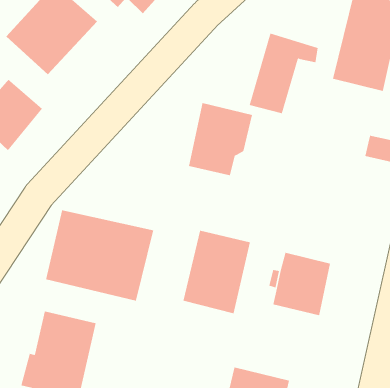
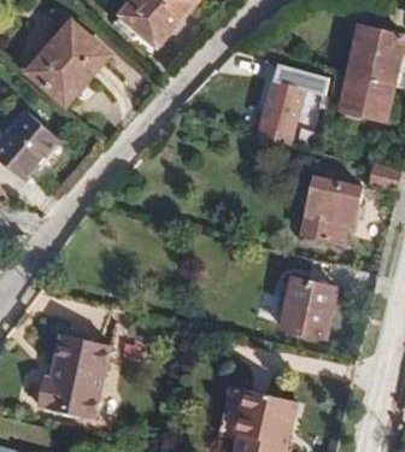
building: [188,102,253,176] -> [300,175,363,246]
building: [45,209,154,301] -> none
building: [183,230,250,314] -> none

